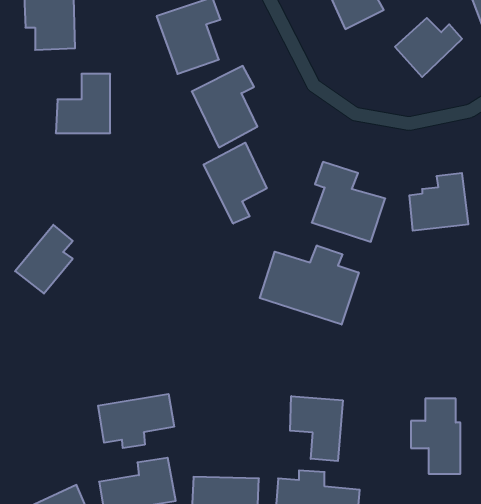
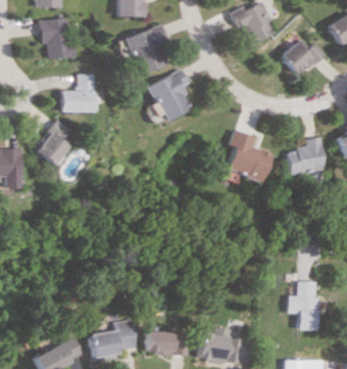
building: [204,143,267,224] -> none
building: [15,225,73,294] -> [32,122,68,166]
building: [260,245,359,325] -> none
building: [98,394,174,448] -> none
building: [290,396,343,461] -> none

